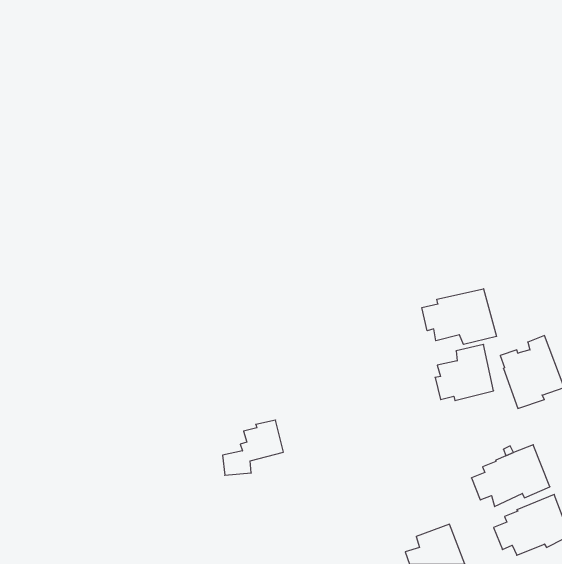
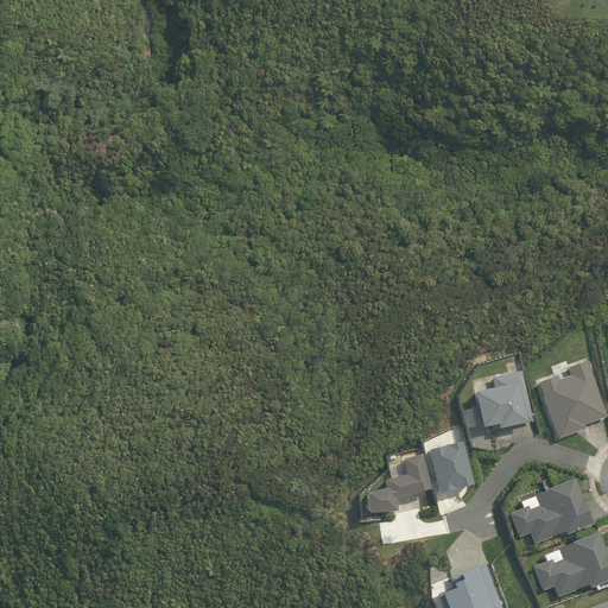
building: [422,289,497,344] -> none
building: none -> [428,442,473,494]
building: [223,420,283,475] -> [365,455,430,514]

